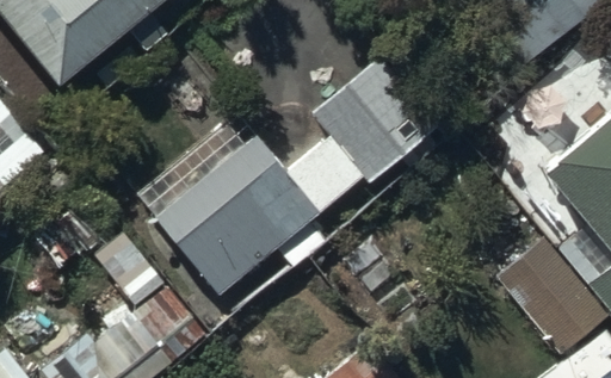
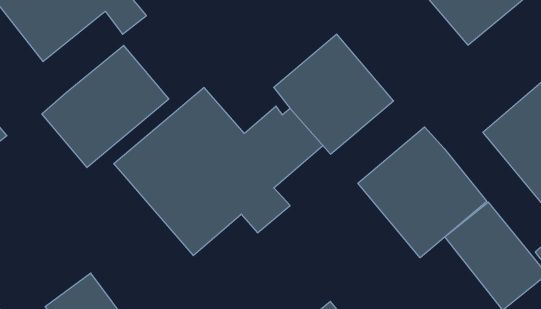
building: none -> [42,45,169,168]
building: none -> [358,127,487,258]

